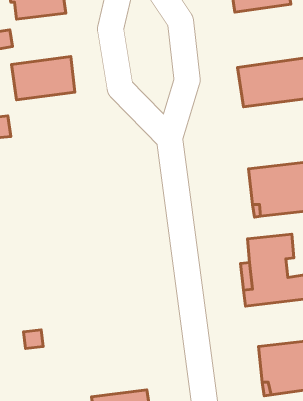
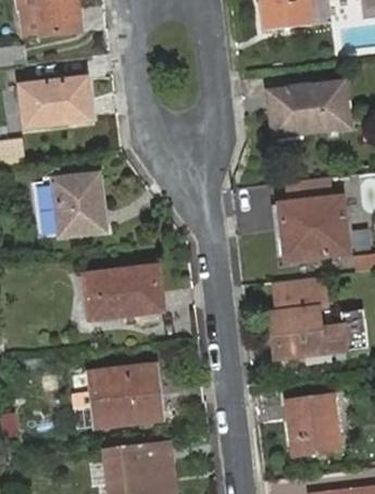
building: none -> [28,175,100,238]
building: none -> [80,270,153,322]
building: none -> [85,368,158,429]

